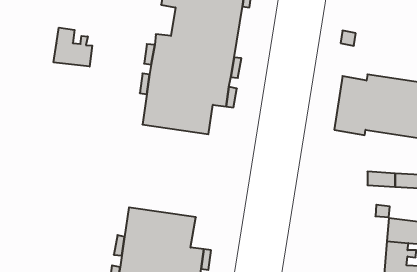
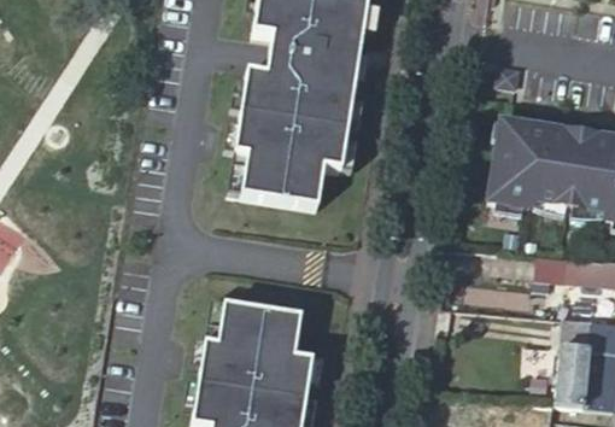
building: [54,28,92,67] -> none

